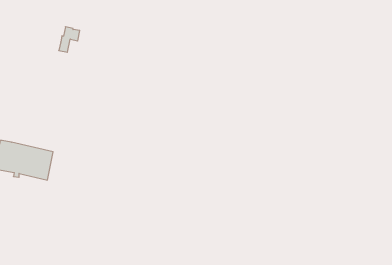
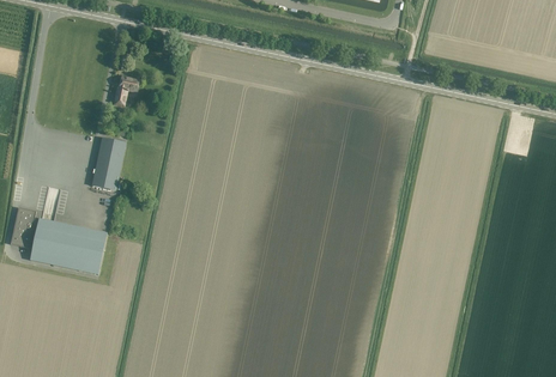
building: none -> [91,136,125,188]

